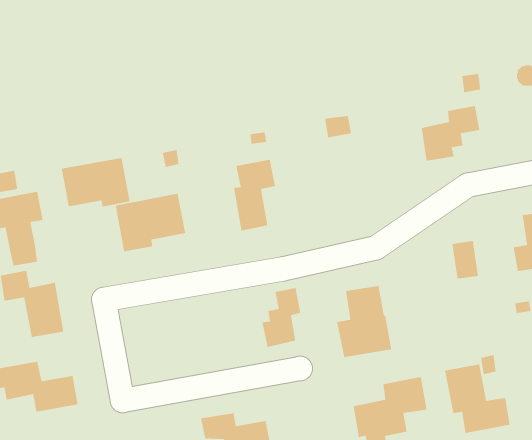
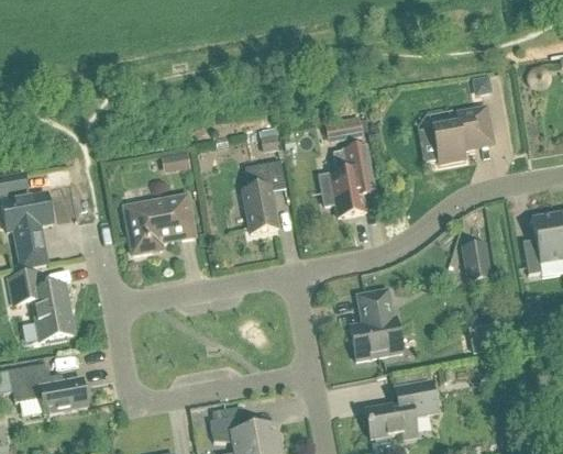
building: none -> [320,144,372,215]
building: [61,157,131,207] -> none
building: [261,287,301,348] -> none
building: [444,364,510,434] -> none

